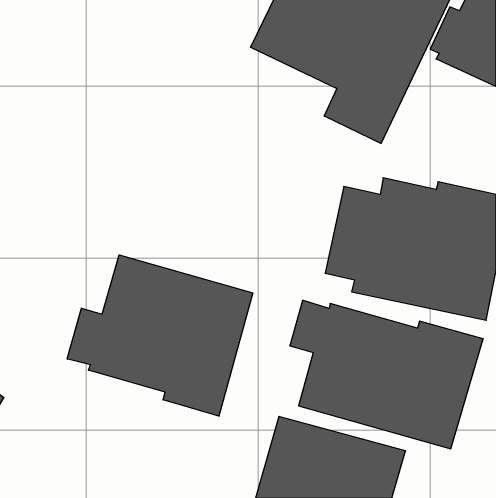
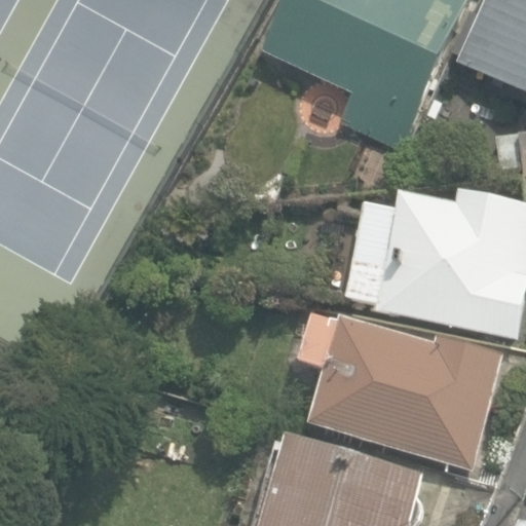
building: [67,255,253,416] -> none

